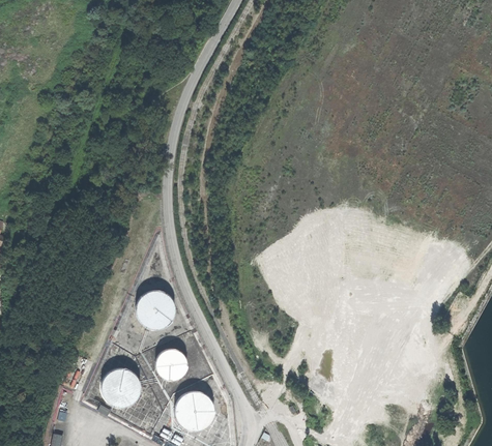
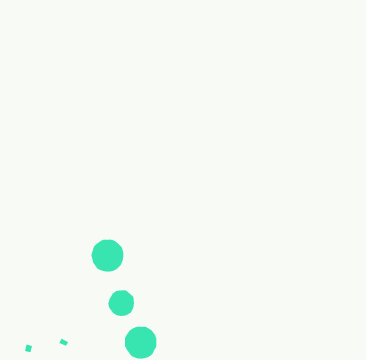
building: [100,368,139,408] -> none

